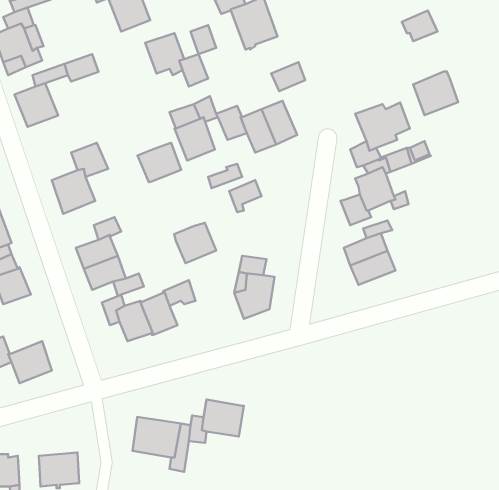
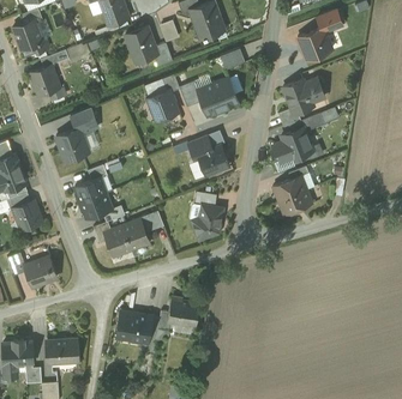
building: [413,72,458,115] -> [298,26,331,59]
building: [138,143,181,182] -> none
building: [174,223,216,263] -> [198,145,229,175]

